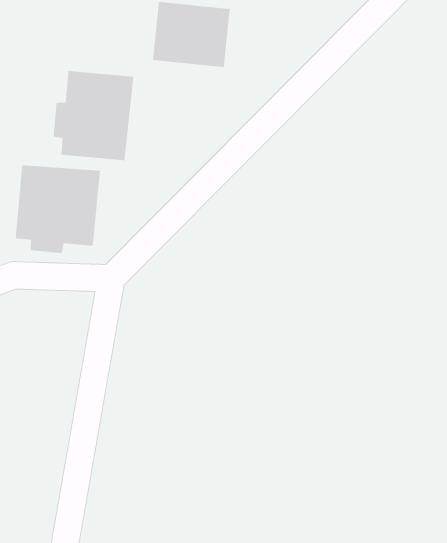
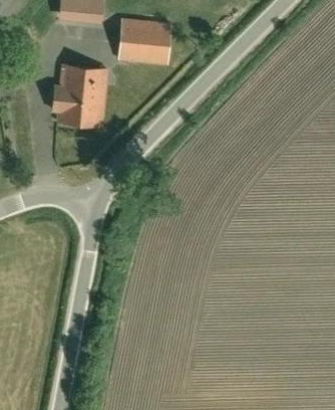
building: [15,164,100,254] -> none

